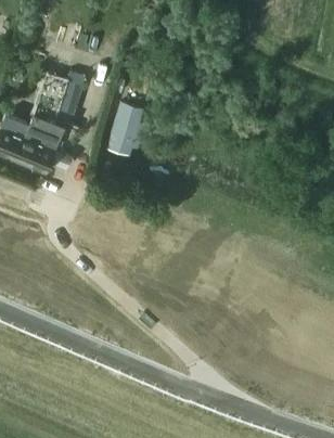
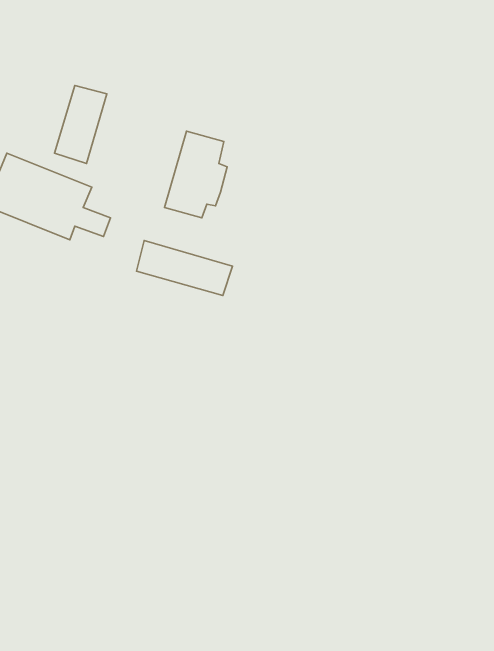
building: none -> [136,241,233,296]

